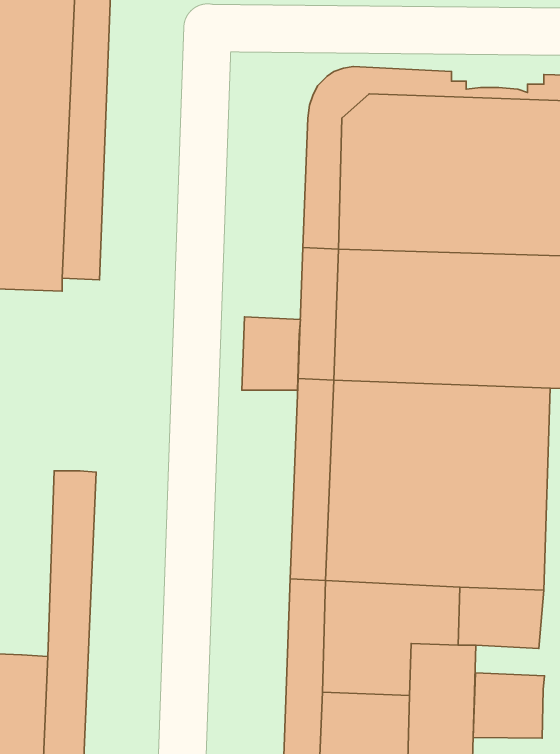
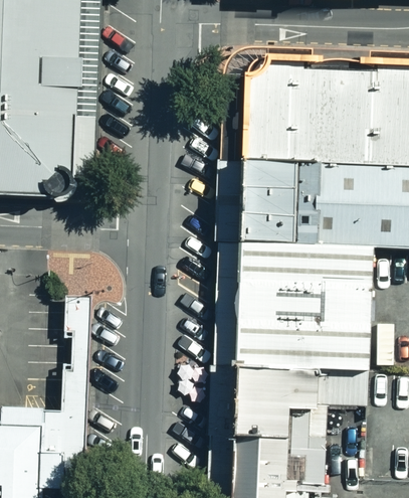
building: [242,317,300,390] -> none
building: [473,673,544,738] -> none

